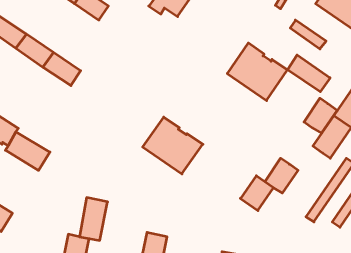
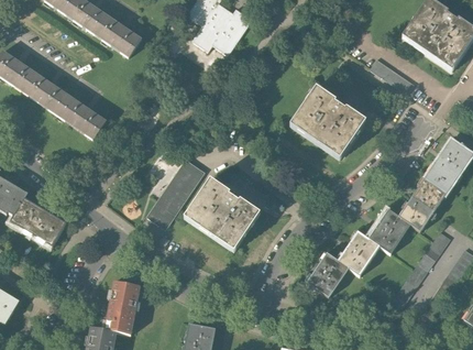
building: [288,55,330,92] -> none
building: [304,98,337,133] -> [369,208,410,252]
building: none -> [146,156,205,228]

